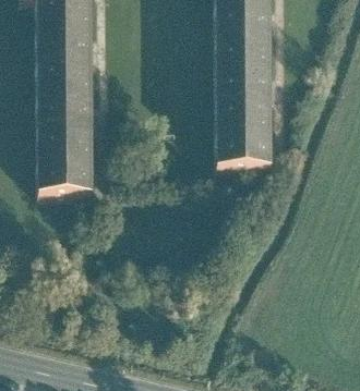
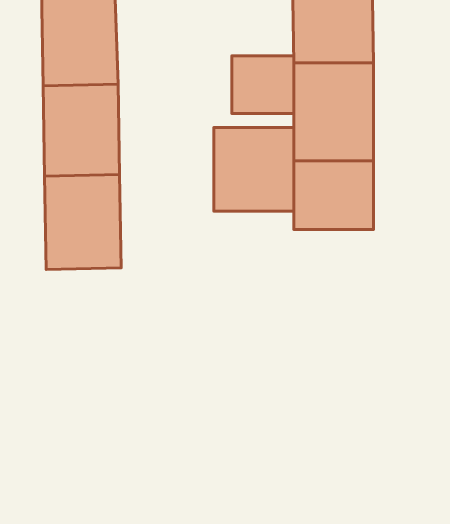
building: none -> [232,56,294,114]
building: none -> [214,127,294,211]

